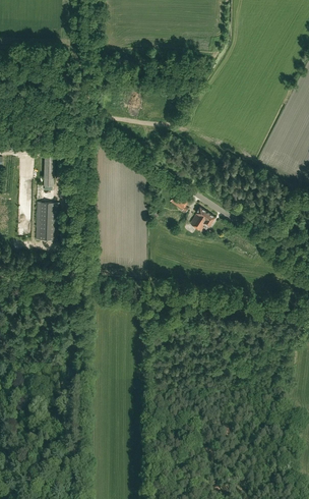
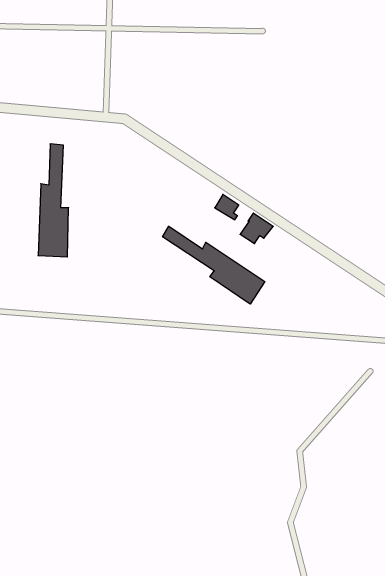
building: none -> [163,226,265,304]

